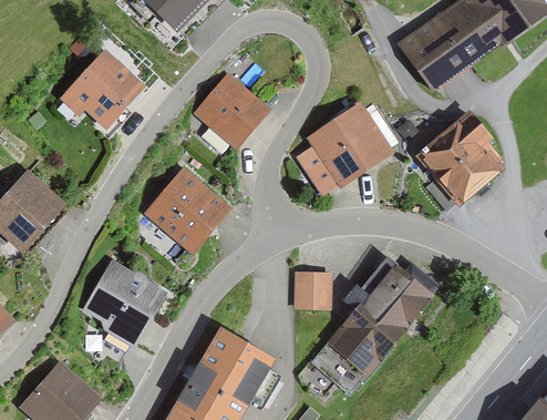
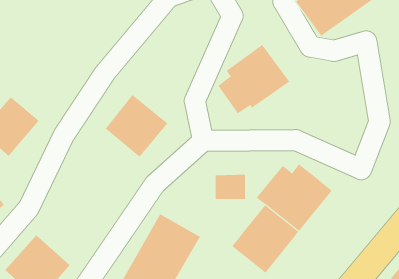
building: [58,48,147,133] -> none
building: [195,74,270,148] -> none
building: [410,105,505,209] -> none
building: [74,256,166,345] -> none

